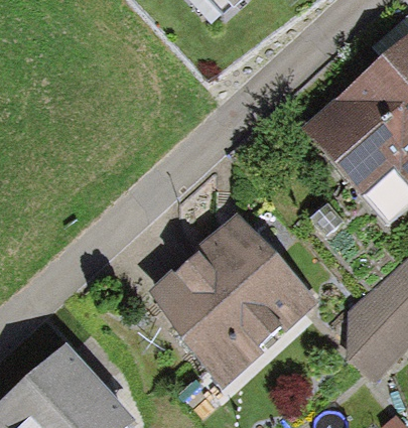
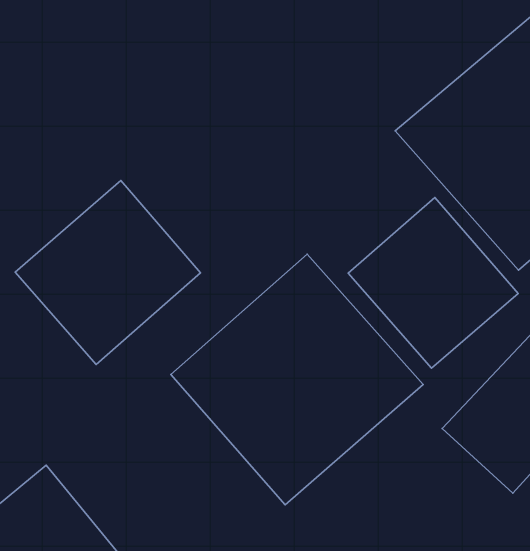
building: none -> [15,180,200,364]
building: none -> [348,197,518,368]

